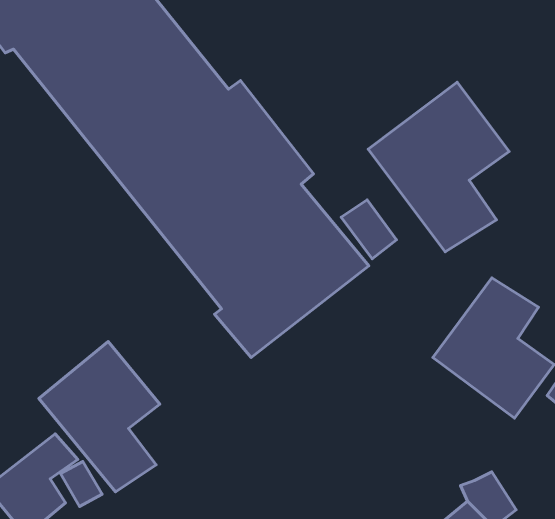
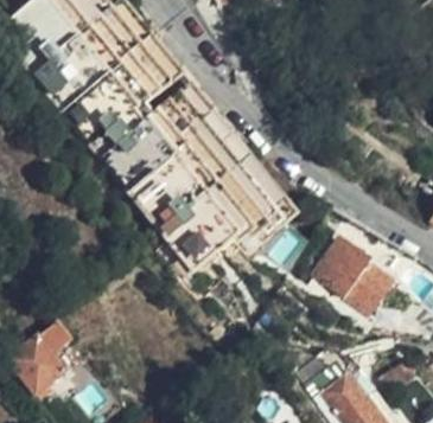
building: [368,82,509,252] -> none
building: [39,341,160,492] -> none

